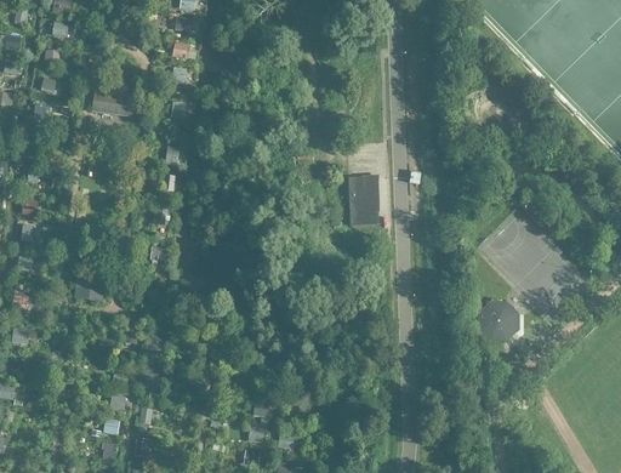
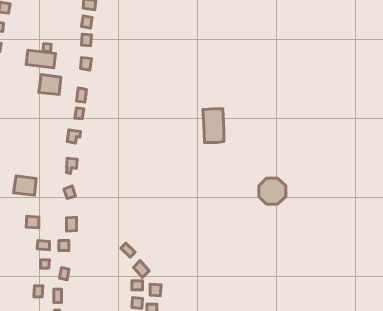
building: none -> [39,74,61,95]
building: [479,303,518,341] -> [259,178,286,204]

